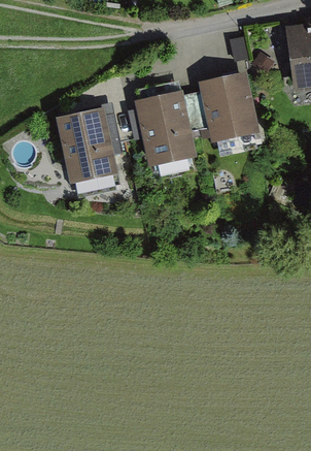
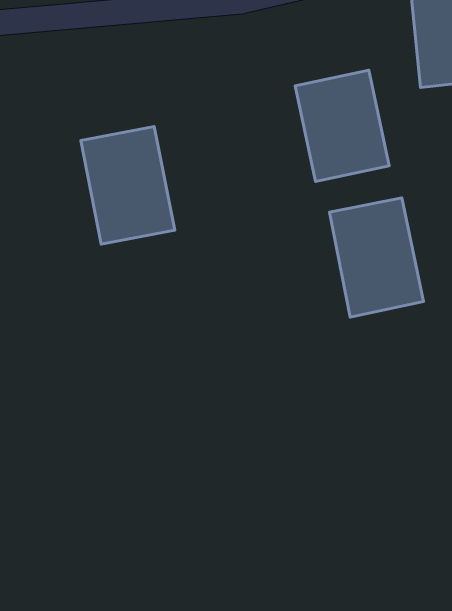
building: [136,92,198,170] -> [330,198,424,317]

